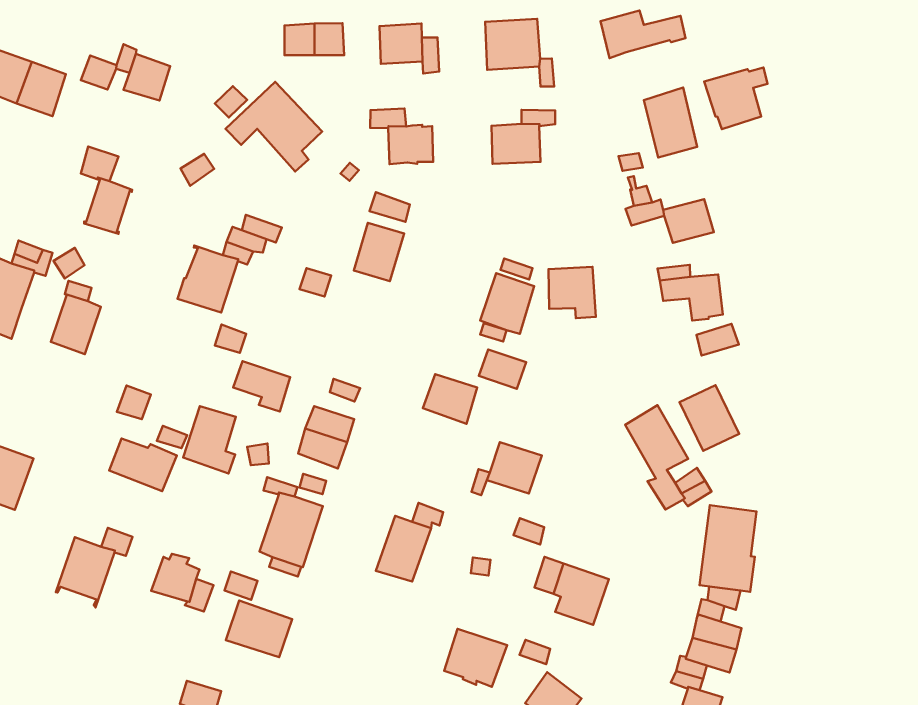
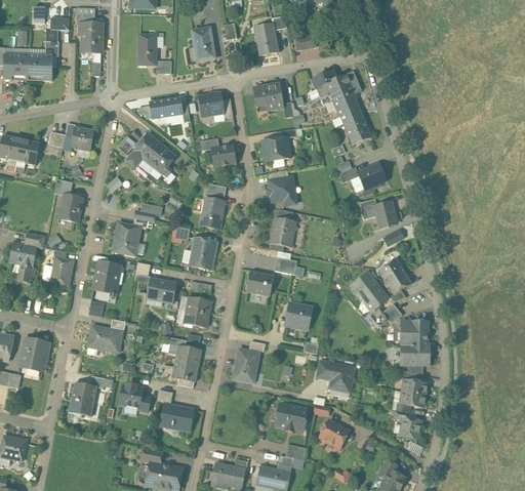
building: [704,67,767,129] -> [328,82,361,117]
building: [548,267,596,318] -> [269,176,296,204]
building: none -> [190,237,218,270]
building: [183,406,236,473] -> [92,260,119,293]

